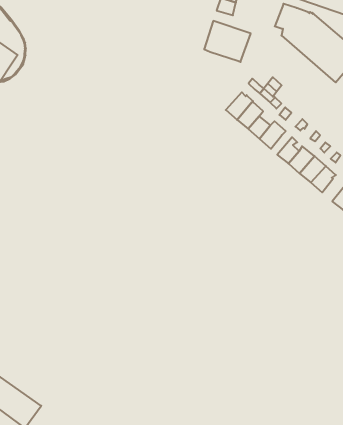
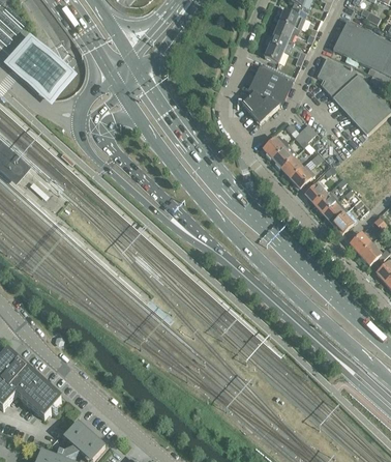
building: none -> [241,93,278,123]

